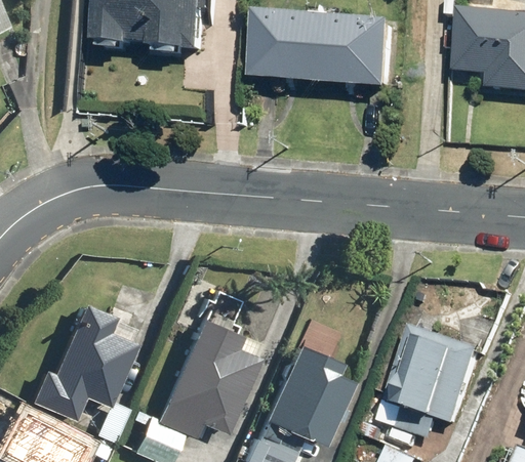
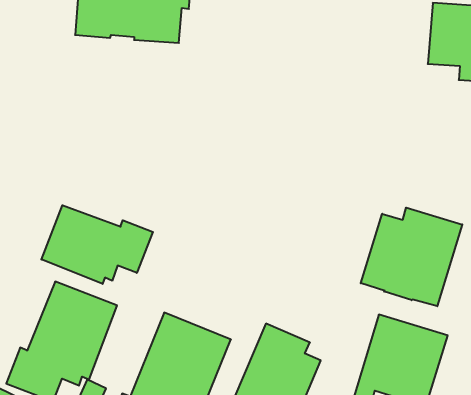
building: [257,14,400,91] -> none
building: none -> [41,205,153,284]
building: none -> [361,208,462,306]

